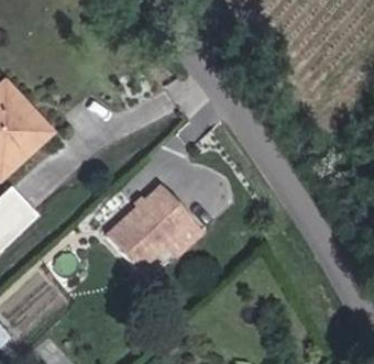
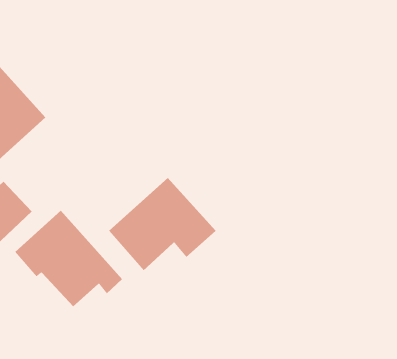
building: none -> [14,210,123,307]

